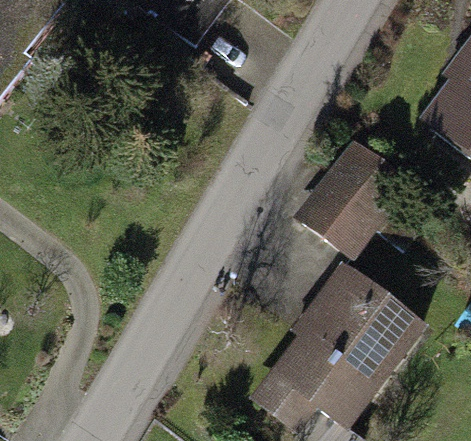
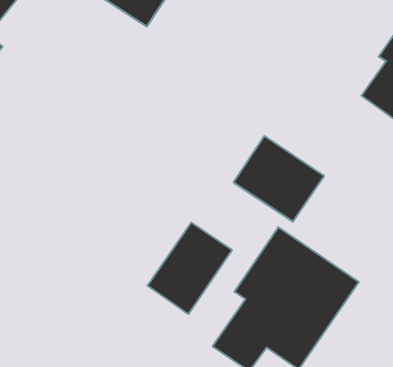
building: none -> [147,223,232,314]

